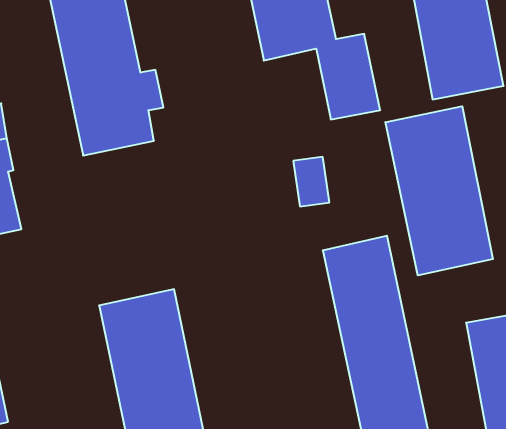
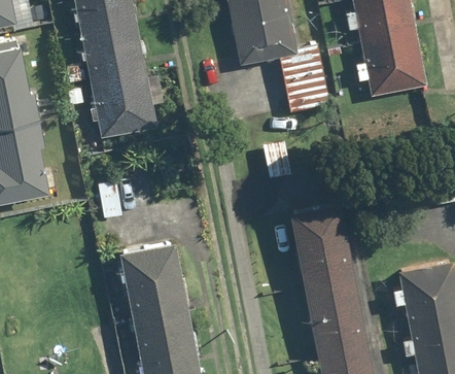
building: [385,106,493,275] -> none

